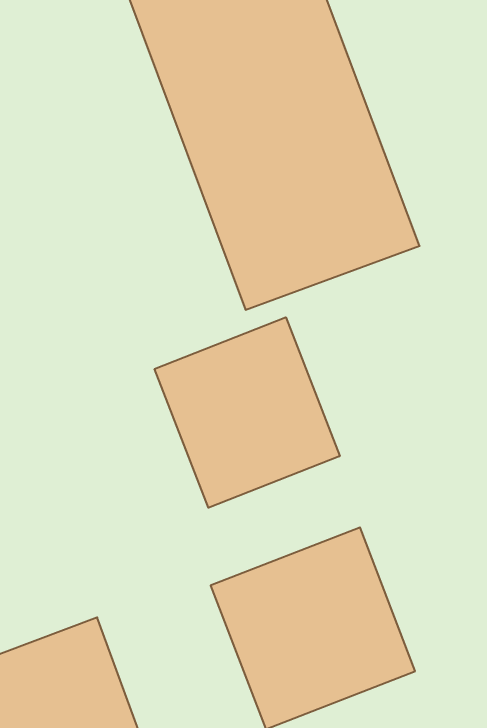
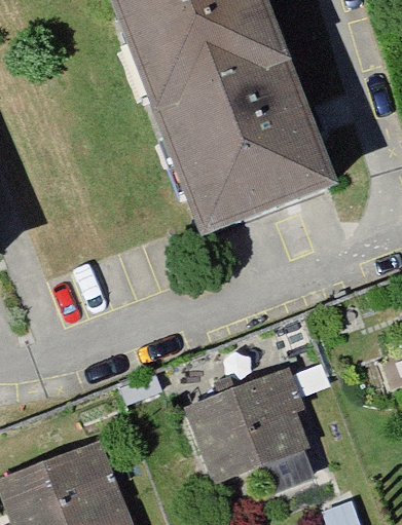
building: [155,317,340,508] -> none

